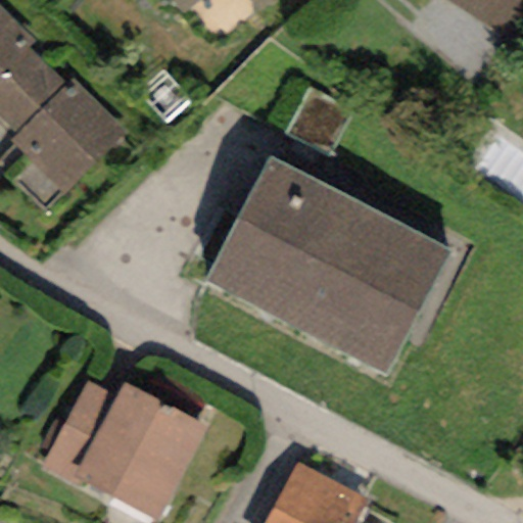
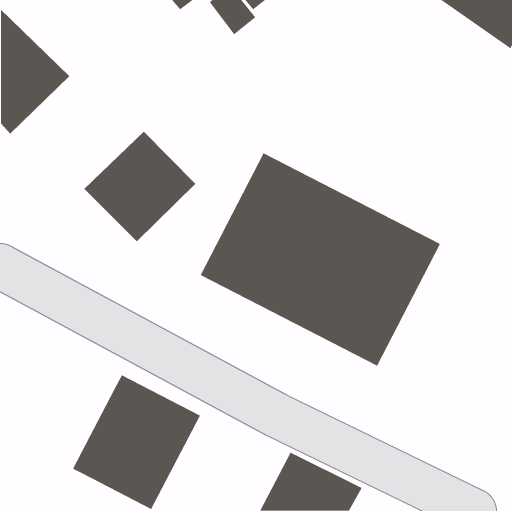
building: [11,78,126,191] -> [84,131,196,242]
building: [40,381,116,491] -> none

